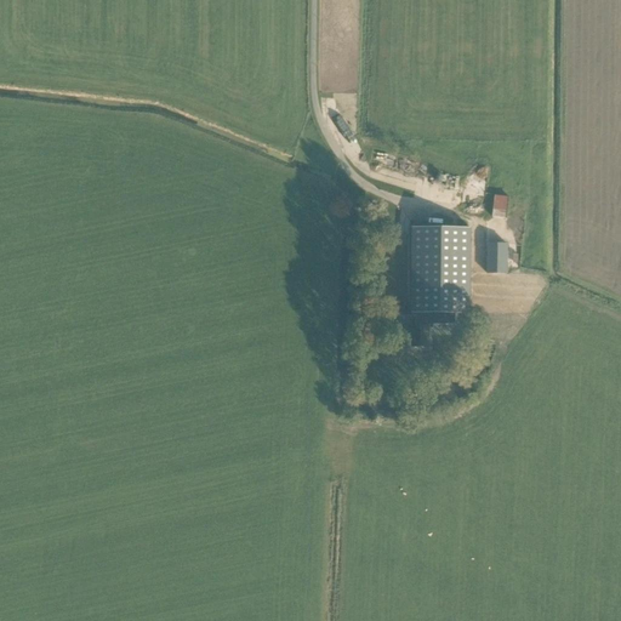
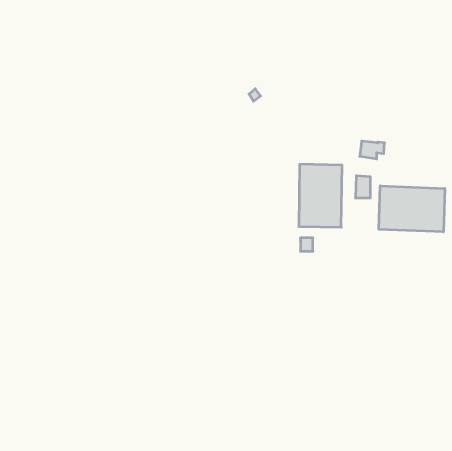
building: none -> [379,186,445,232]

